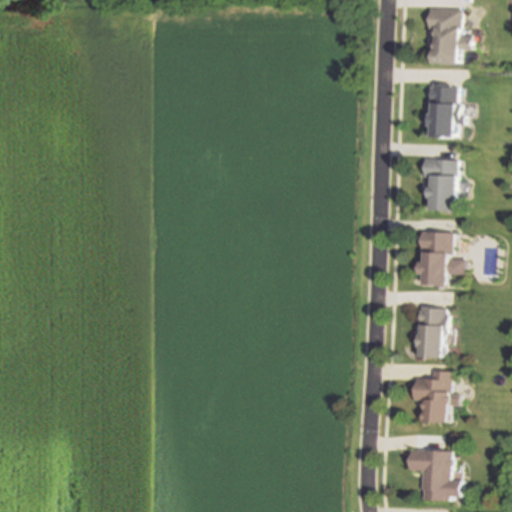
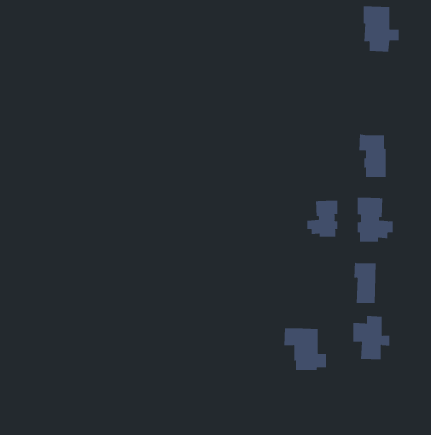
building: [423,81,461,135] -> none
building: none -> [307,200,338,238]
building: [409,451,460,501] -> [283,328,327,370]

